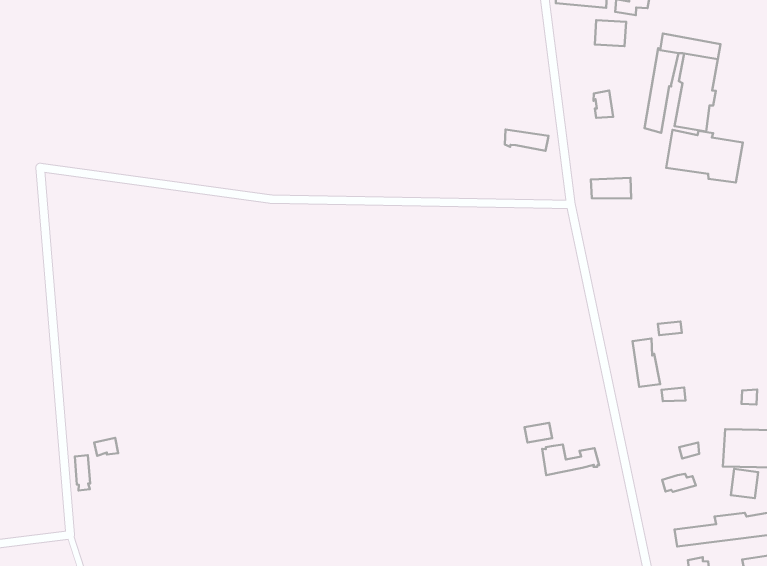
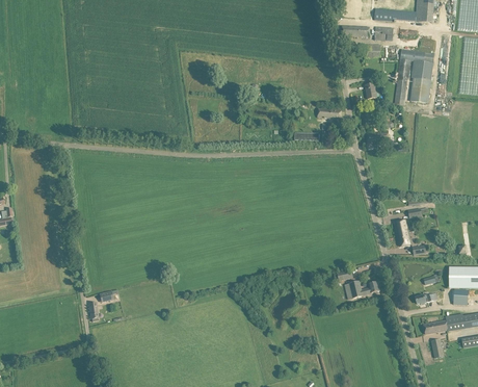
building: [666,130,743,183] -> none

